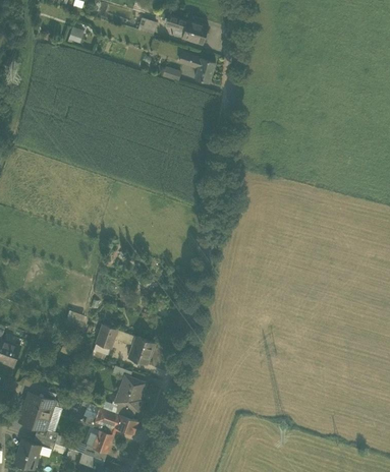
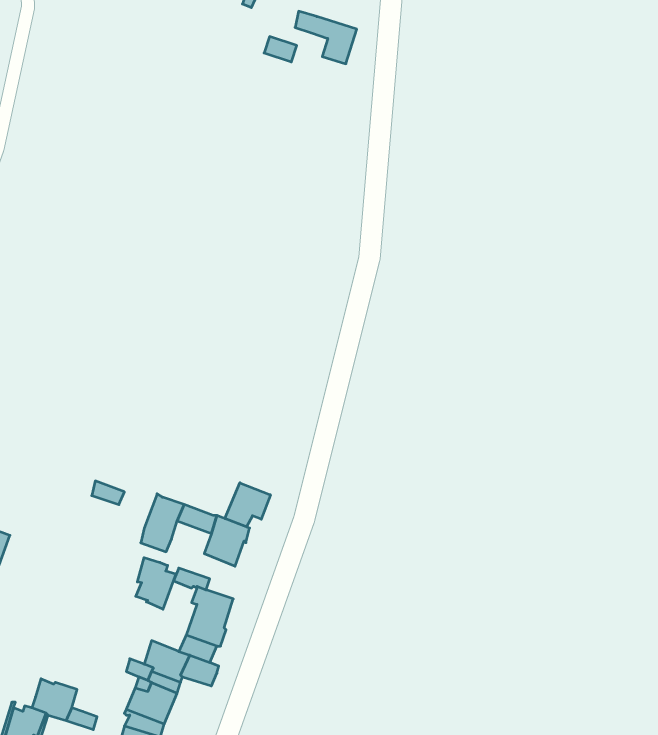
building: none -> [225,483,270,527]
building: none -> [136,558,176,609]
building: [18,393,54,430] -> none

